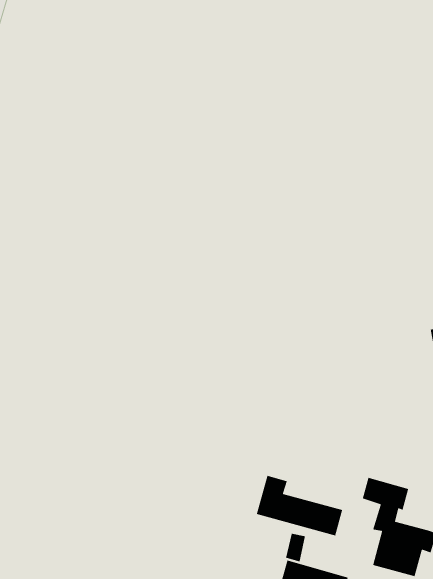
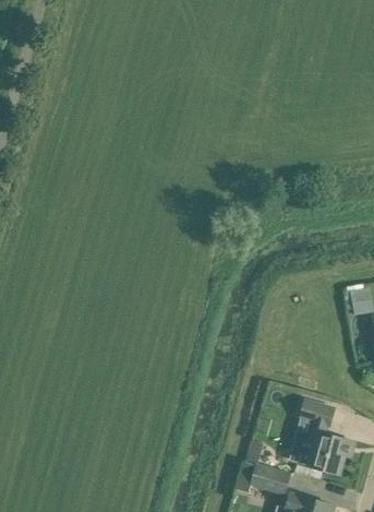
building: [256,475,343,537] -> none

